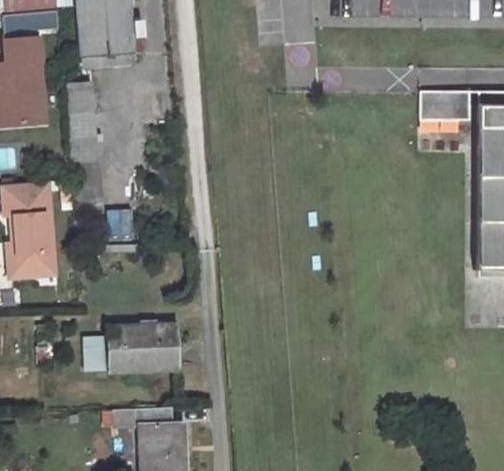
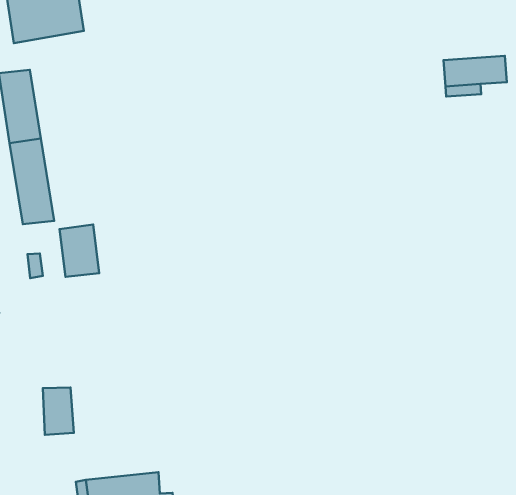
building: [109,327,179,372] -> none

